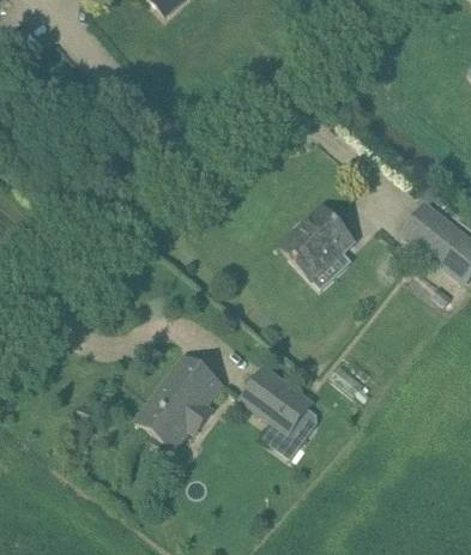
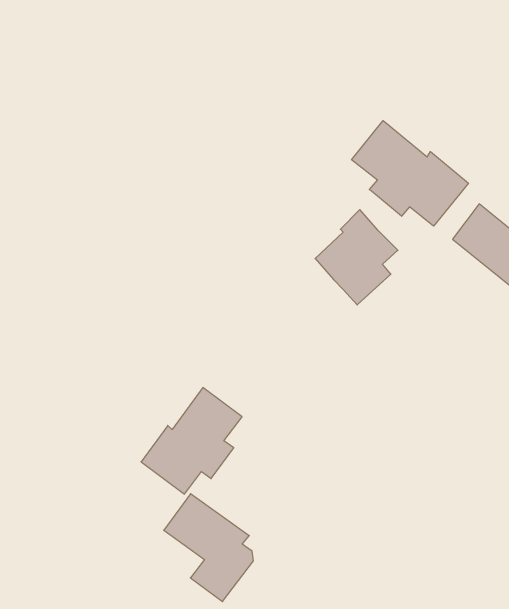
building: none -> [352,121,468,226]
building: [240,363,316,456] -> [164,494,253,602]

